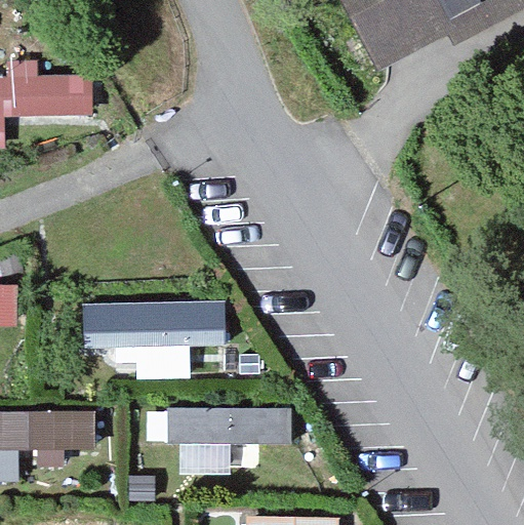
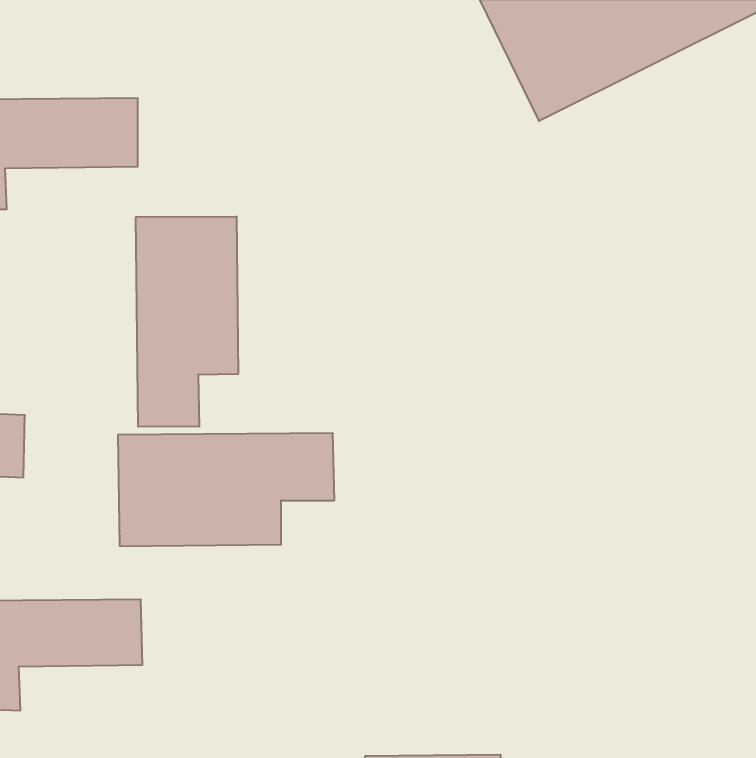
building: none -> [136,216,238,427]
building: [146,405,289,473] -> none

